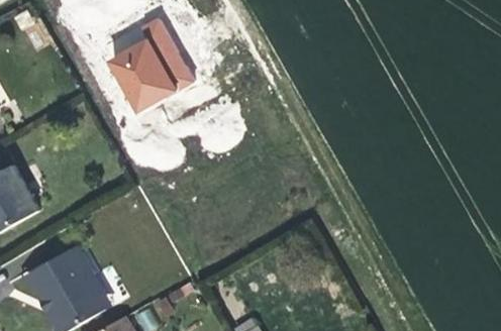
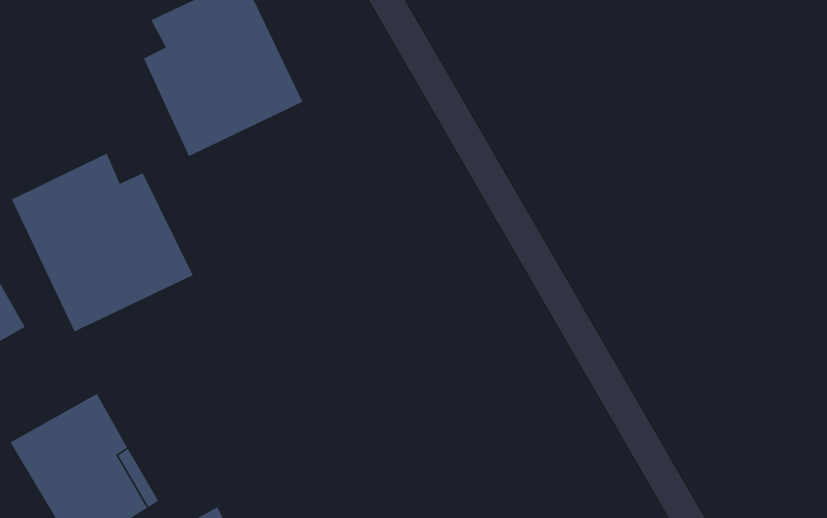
building: none -> [11,153,194,333]

